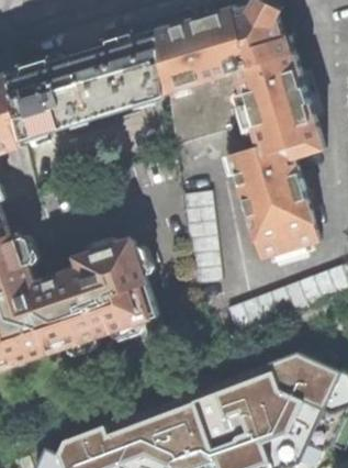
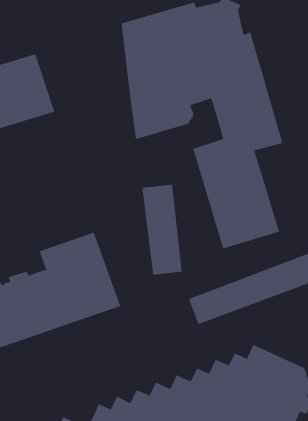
building: [70,31,165,116] -> none

